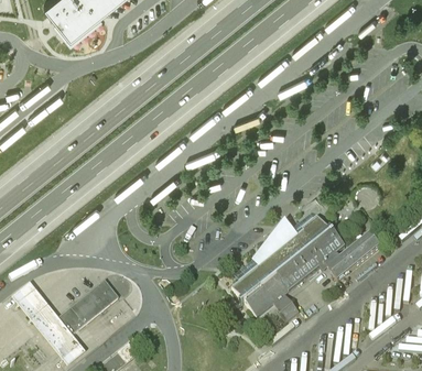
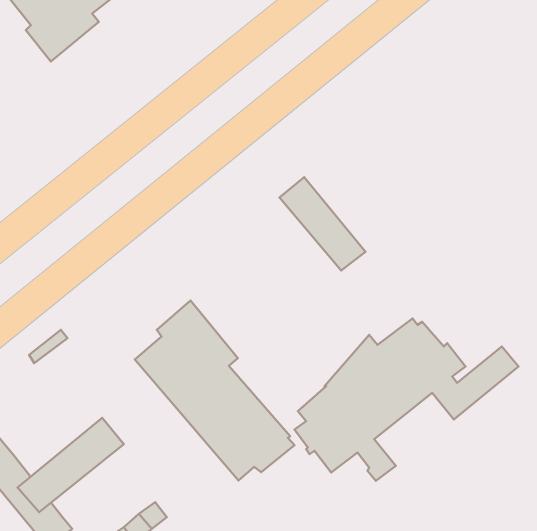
building: none -> [280,177,365,271]
building: none -> [135,301,295,481]

